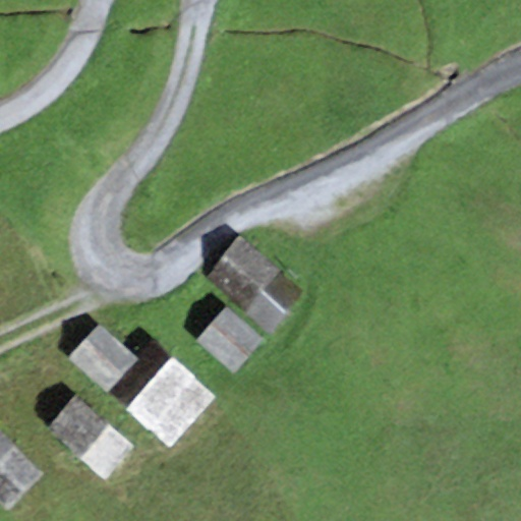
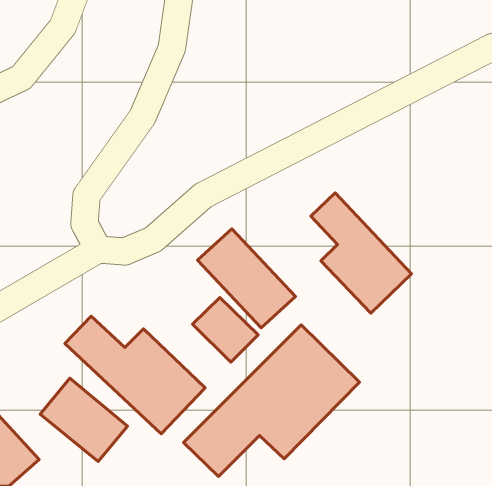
building: none -> [311,193,412,313]
building: none -> [184,325,360,477]

